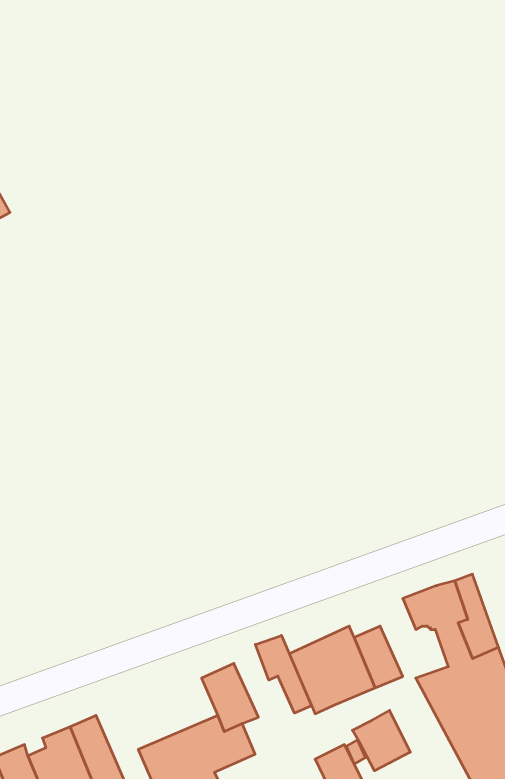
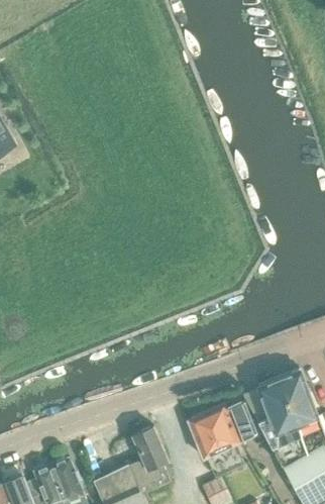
building: none -> [257,403,286,435]
building: [255,635,312,713] -> none
building: [352,710,410,771] -> none

